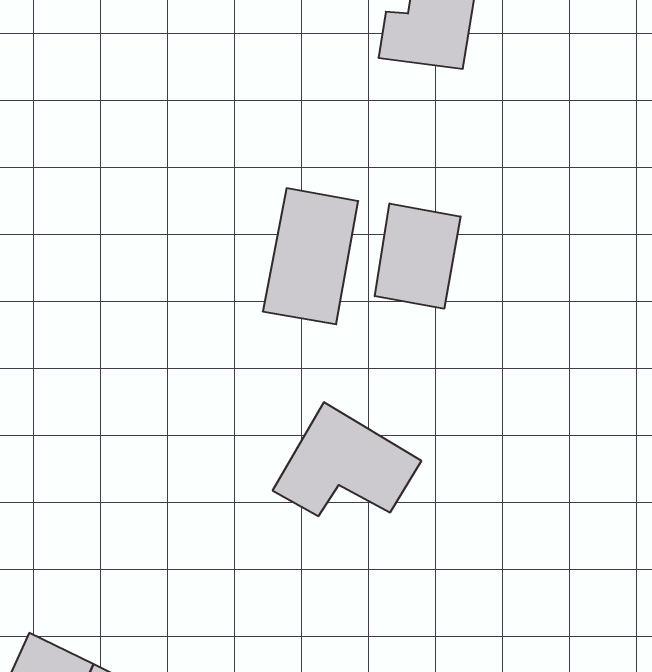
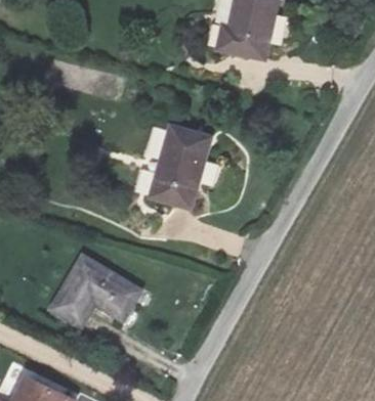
building: [375,203,461,309] -> none
building: [273,402,421,516] -> [52,257,135,320]

